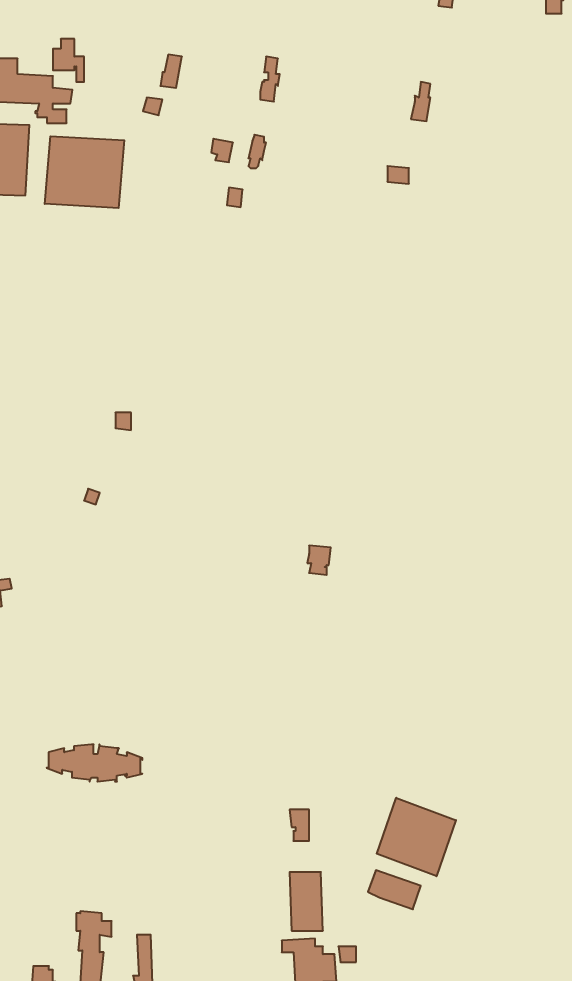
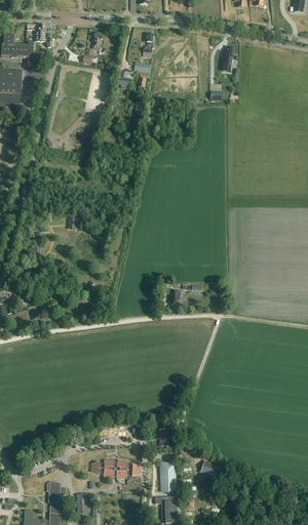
building: [45,136,124,208] -> none
building: [47,744,142,782] -> [90,458,141,478]
building: [377,798,456,876] -> none

